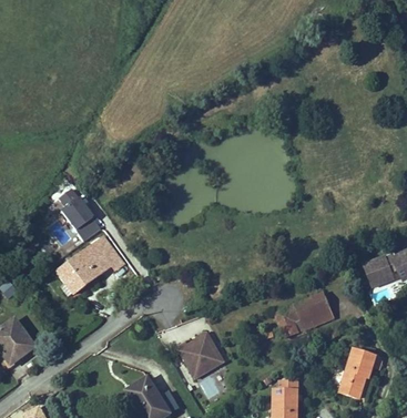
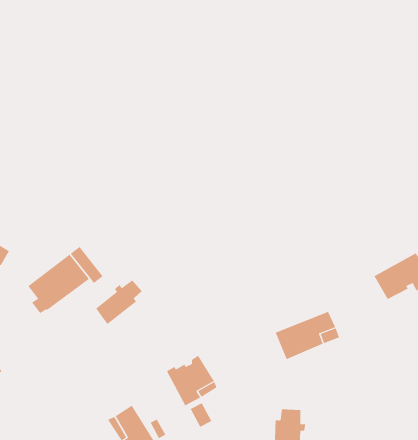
building: [59,188,92,230] -> none
building: none -> [95,279,142,325]
building: [340,349,381,398] -> none

